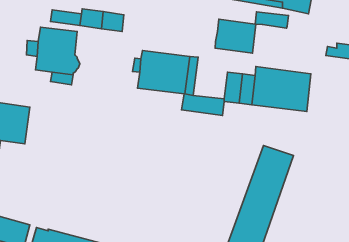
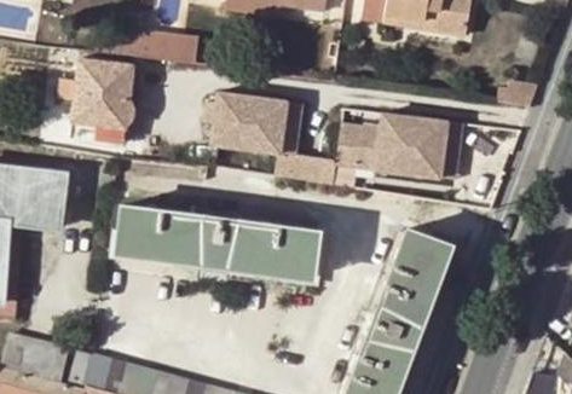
building: [215,12,289,53] -> none
building: none -> [117,204,323,279]

